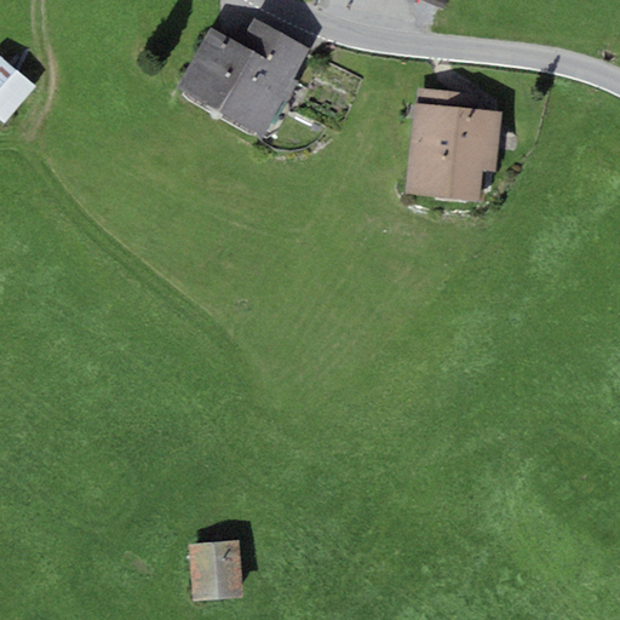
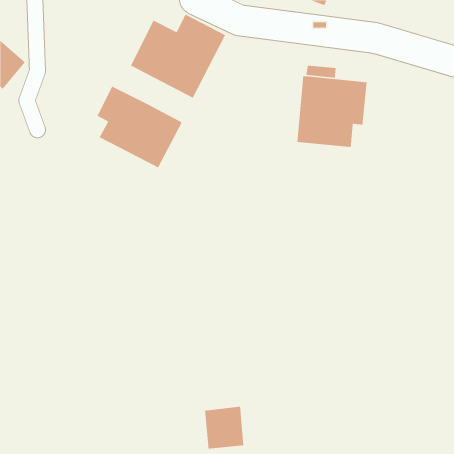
building: none -> [96,86,183,168]
building: [196,550,251,609] -> [204,406,244,449]

